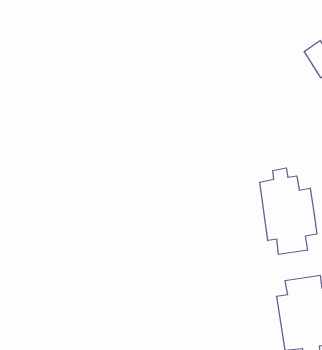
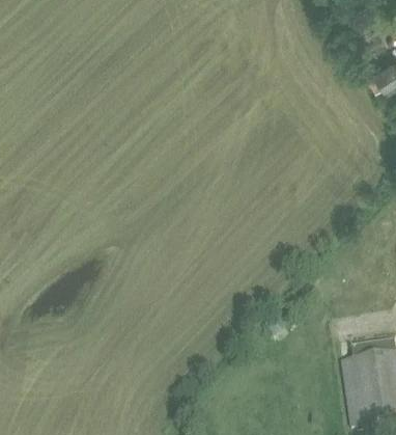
building: [260,168,317,254] -> none

